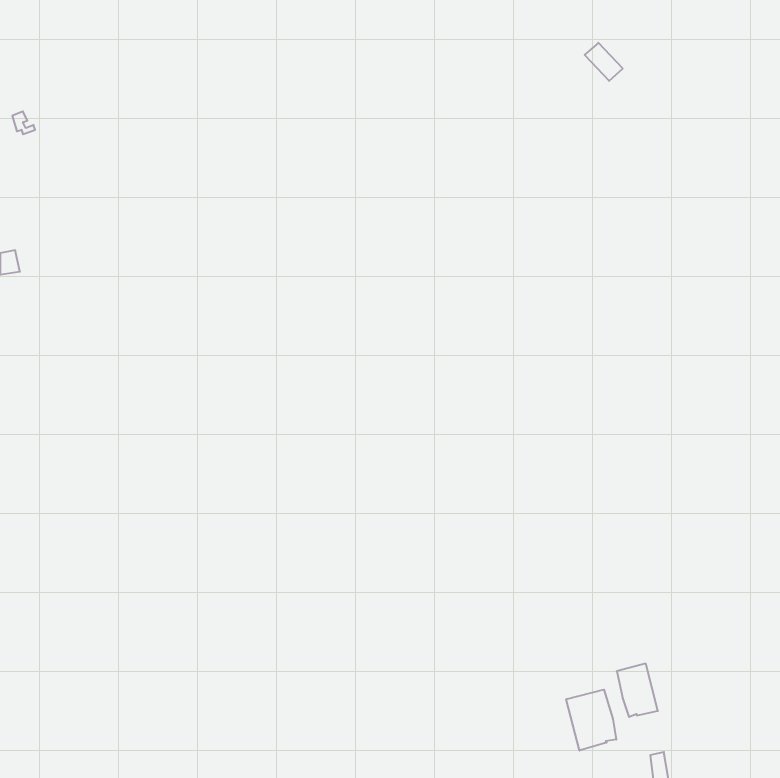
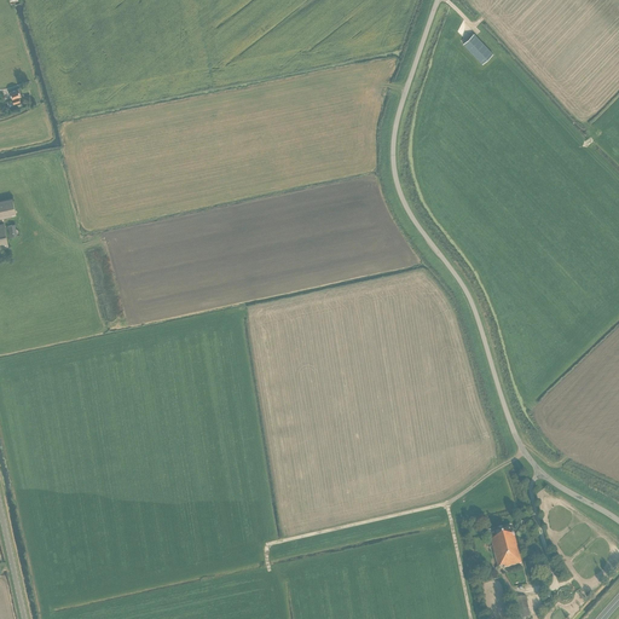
building: [566,690,616,751] -> none

